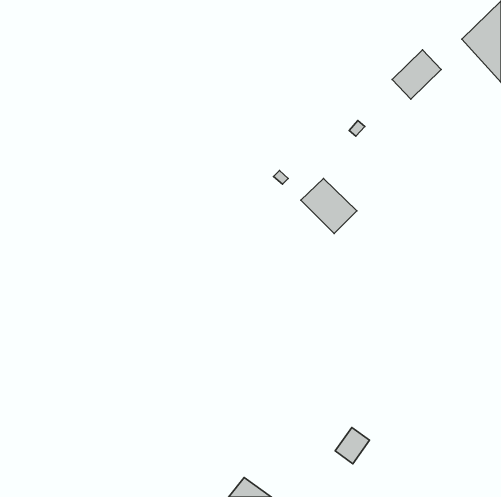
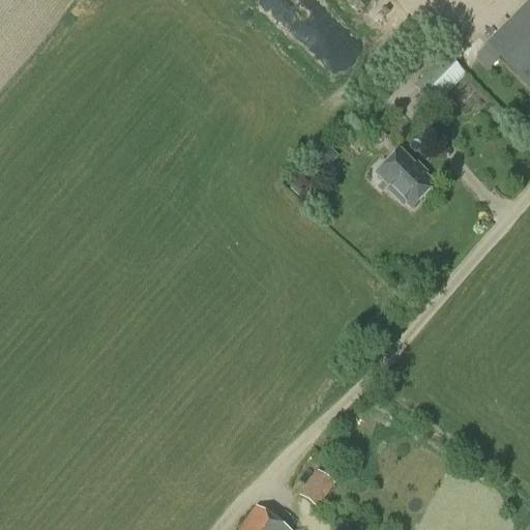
building: [301,178,357,233] -> [378,149,437,207]
building: [335,427,370,464] -> [299,469,335,507]

